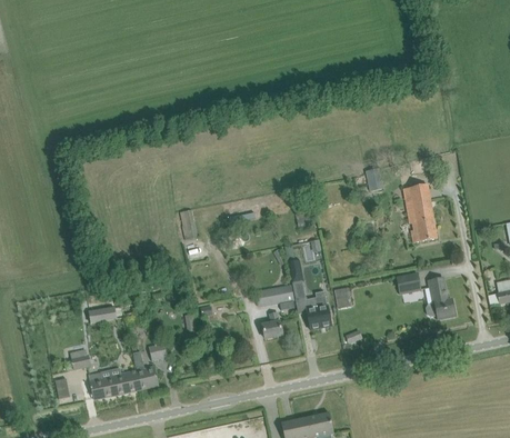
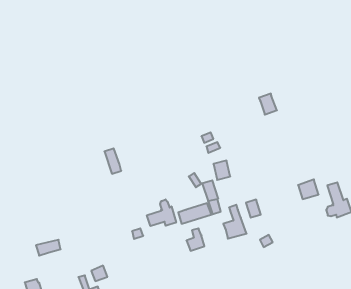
building: [403,185,437,242] -> none
building: none -> [147,199,176,226]

